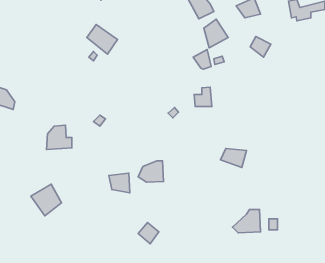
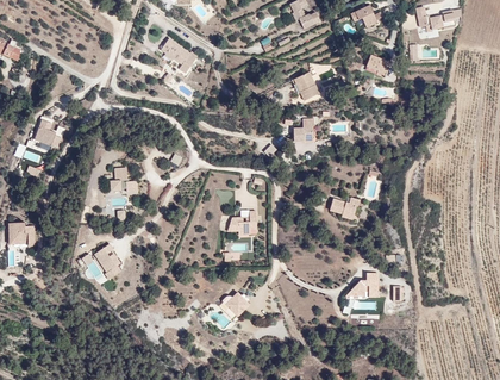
building: [204,19,228,48] -> none
building: [109,173,130,193] -> none

